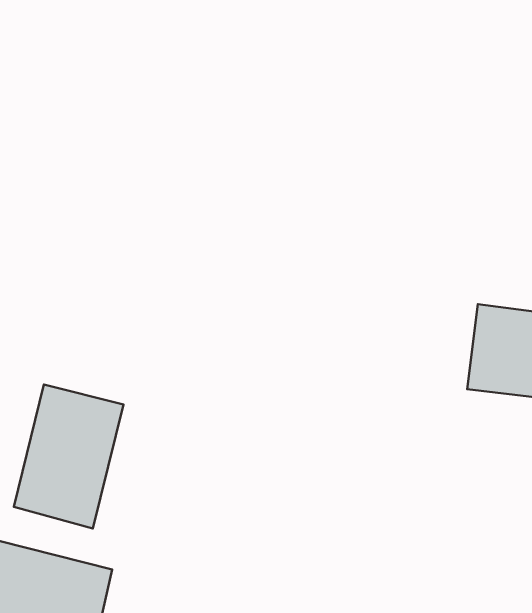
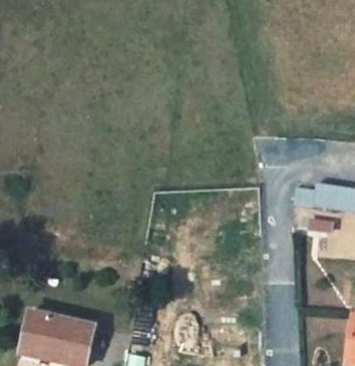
building: [14,385,124,528] -> none

